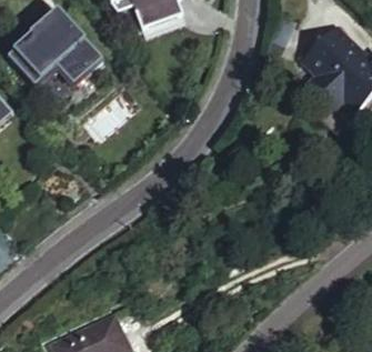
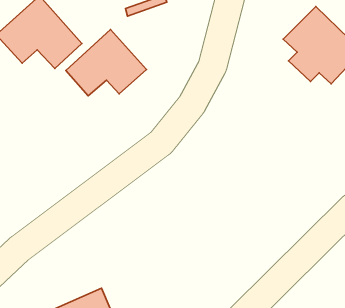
building: none -> [66,30,146,96]

